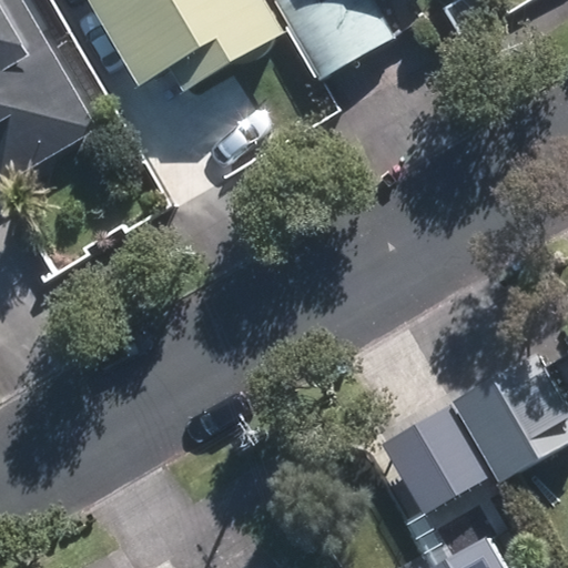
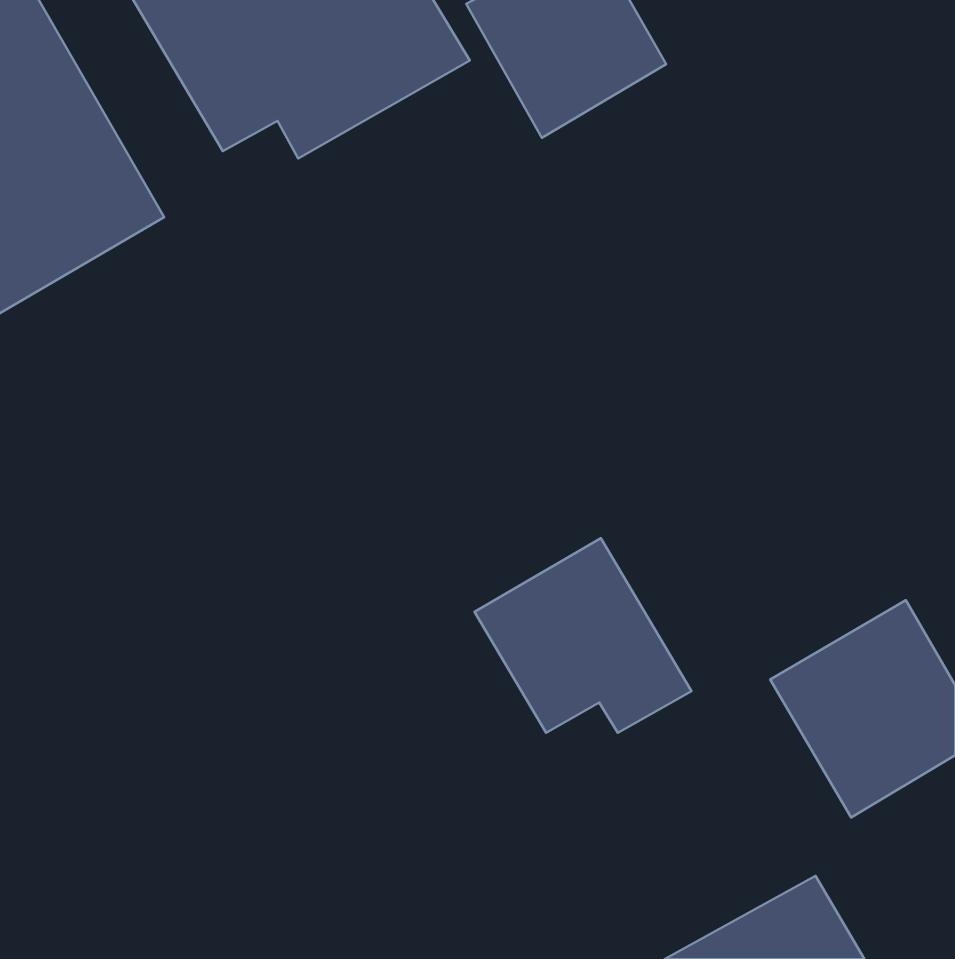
building: [375,404,503,518] -> [474,538,691,733]

